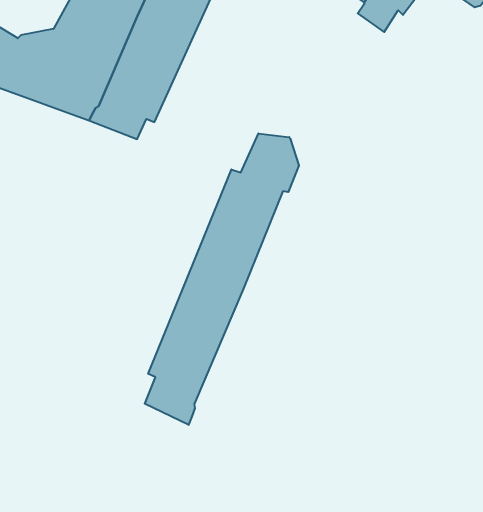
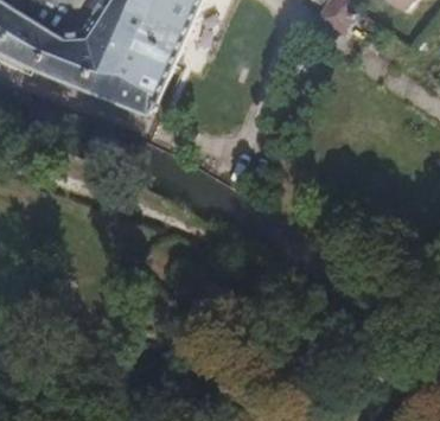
building: [145,133,299,425] -> none

